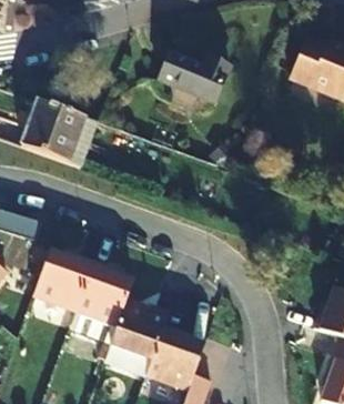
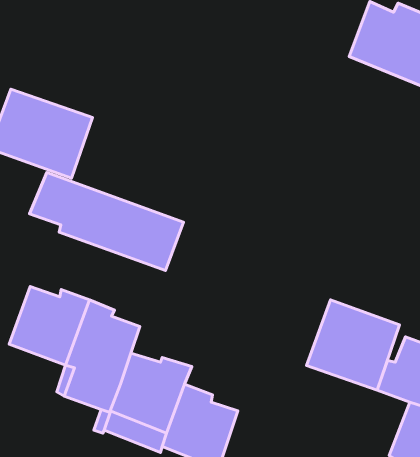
building: [159,52,229,103] -> none
building: none -> [29,172,183,270]
building: none -> [307,300,399,390]

